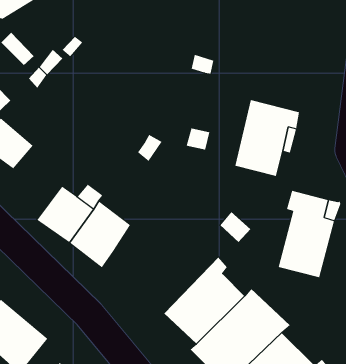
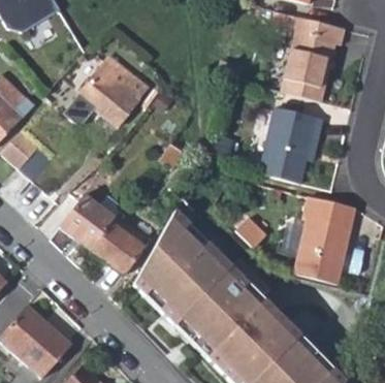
building: none -> [278,19,342,104]
building: none -> [78,70,152,128]
building: none -> [138,208,237,323]

